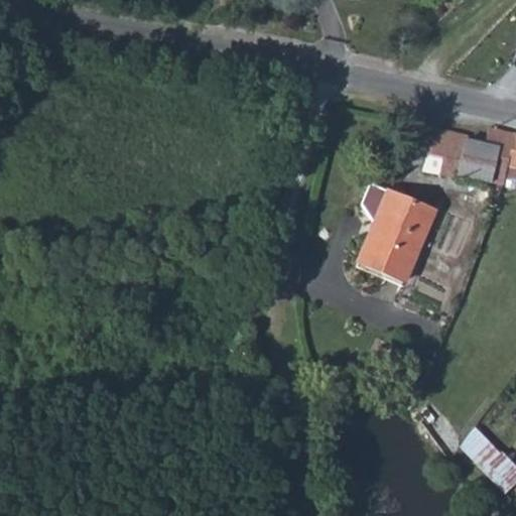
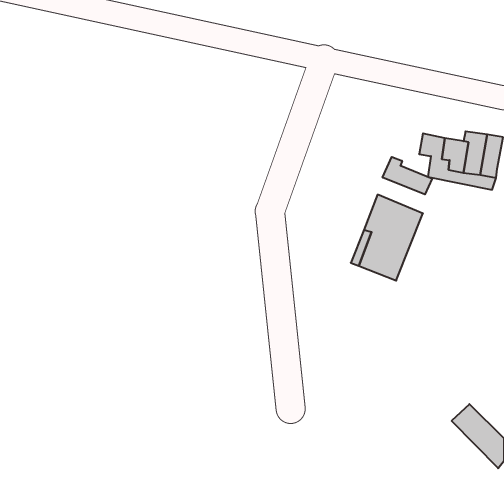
building: none -> [383,157,432,194]

